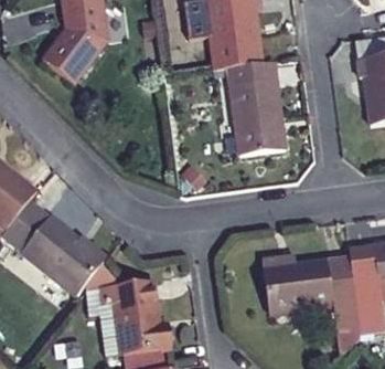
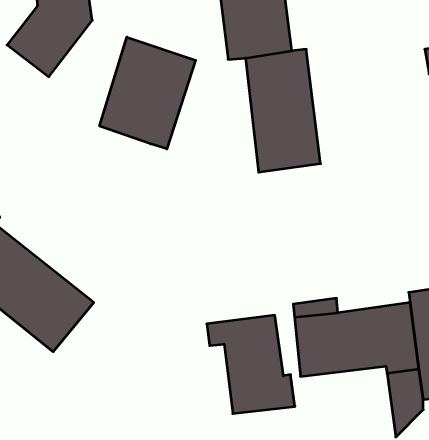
building: none -> [100,37,196,149]
building: [99,277,167,352] -> [207,315,295,414]

